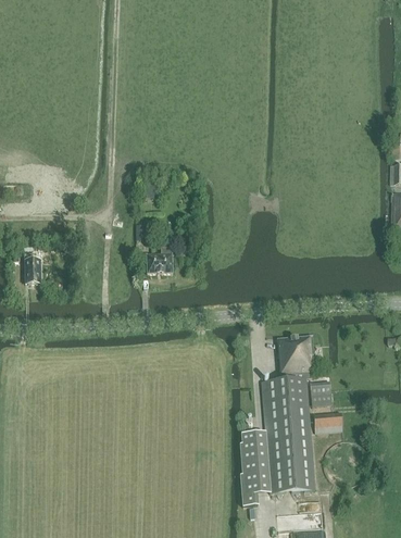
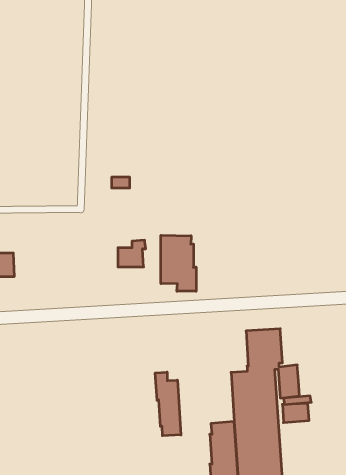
building: none -> [161,235,196,291]
building: none -> [155,372,181,436]

